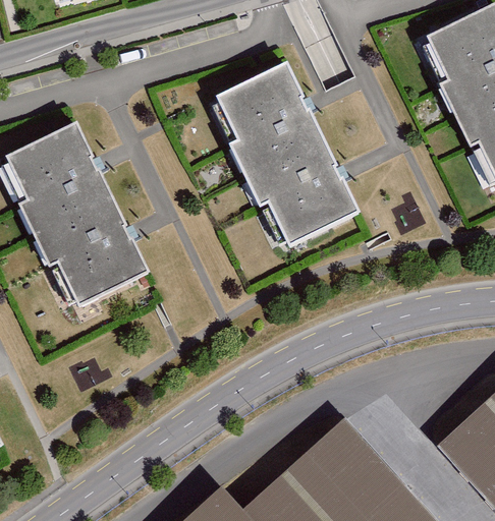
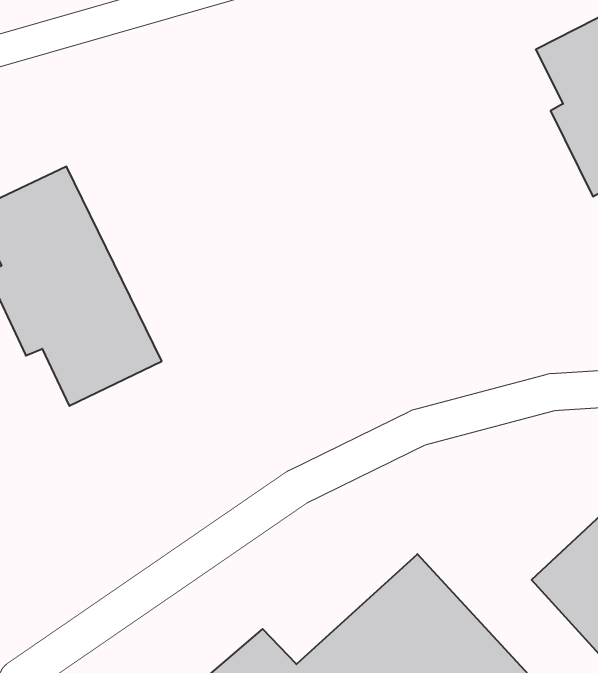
building: [220,68,363,248] -> none

